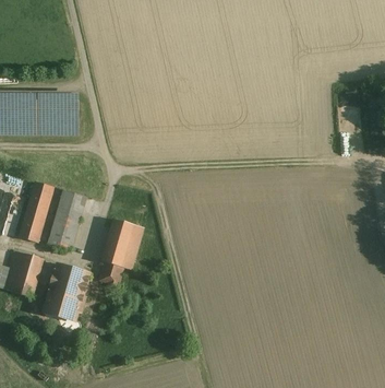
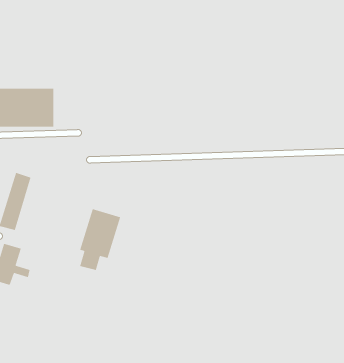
building: [47,189,86,249] -> none
building: [44,262,89,319] -> none

